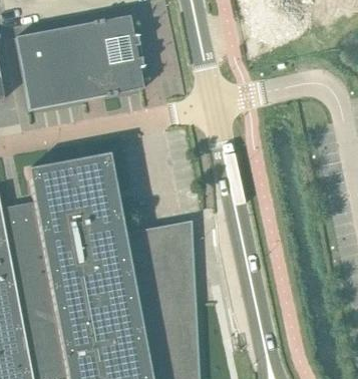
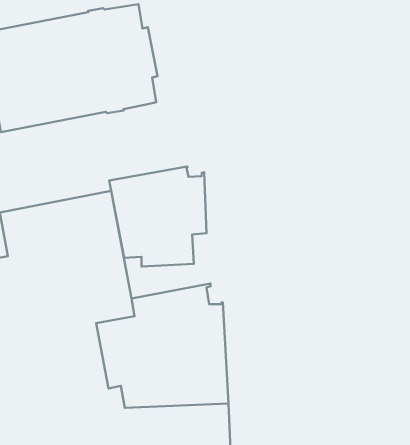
building: none -> [109,167,206,266]

